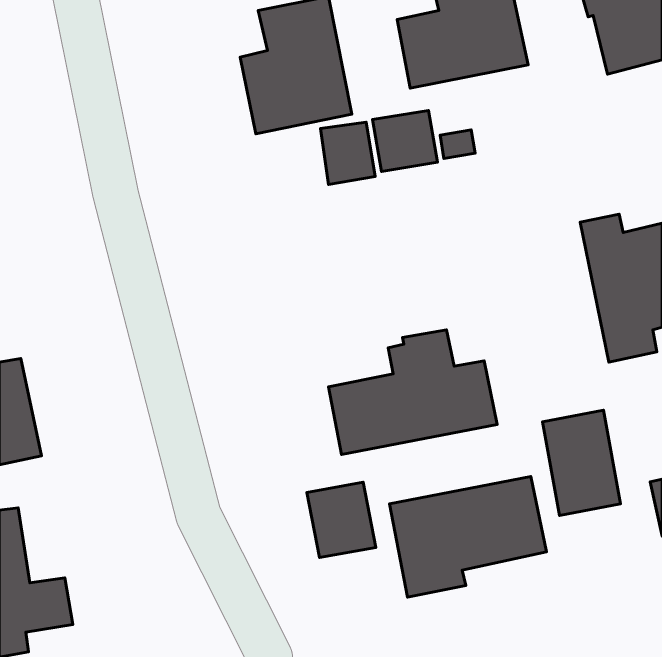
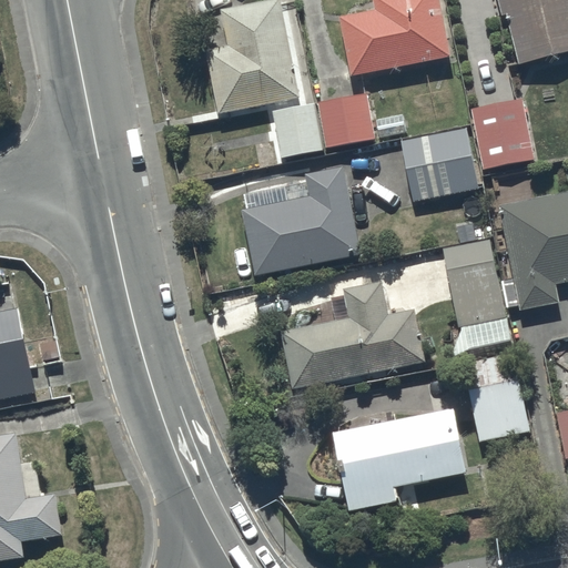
building: none -> [469,97,536,169]
building: none -> [399,125,480,202]
building: none -> [241,165,363,276]
building: none -> [443,237,514,355]
building: [307,482,376,558] -> none

